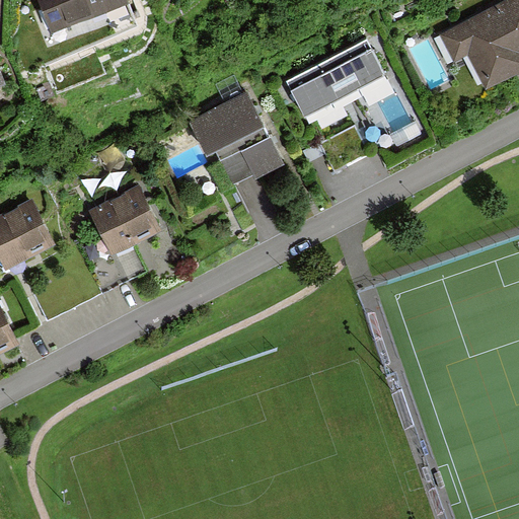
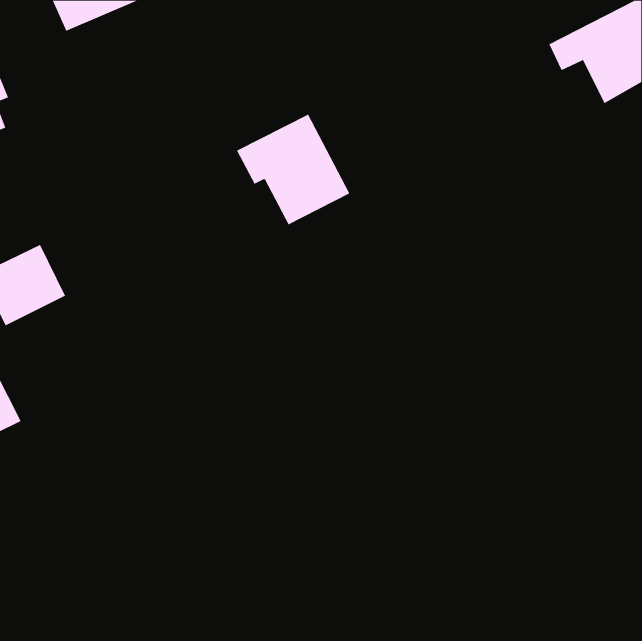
building: [285,42,381,116] -> none
building: [89,189,157,253] -> none

